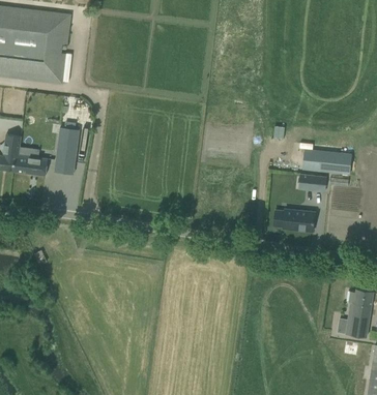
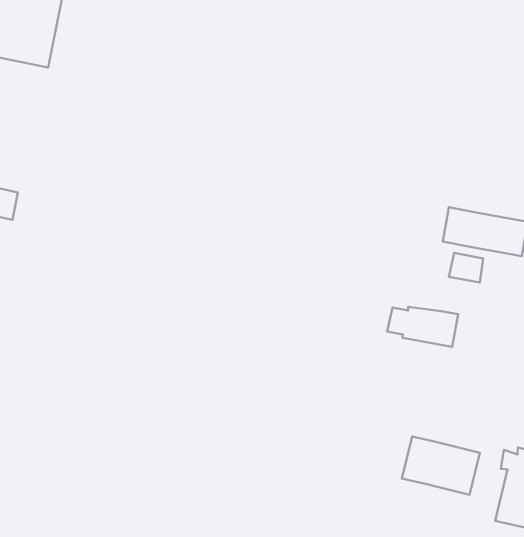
building: [56,126,80,161] -> none
building: none -> [402,437,480,495]

